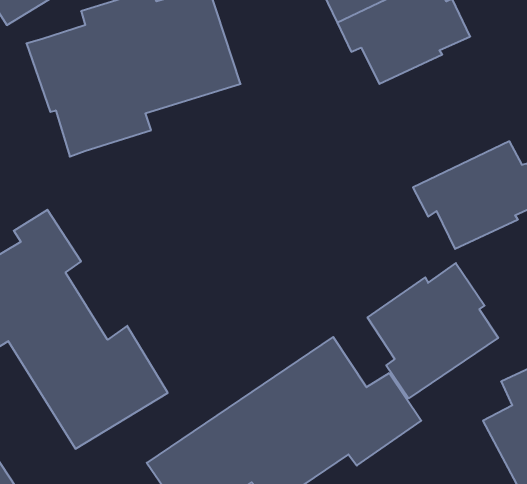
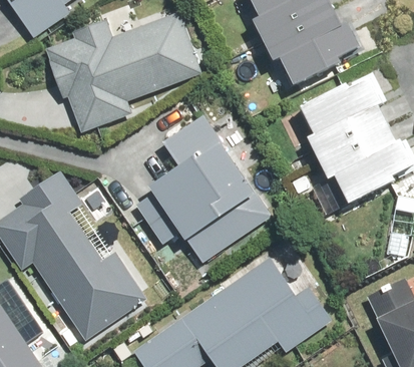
building: none -> [306,73,391,152]
building: none -> [145,115,271,267]
building: [368,263,498,398] -> none

